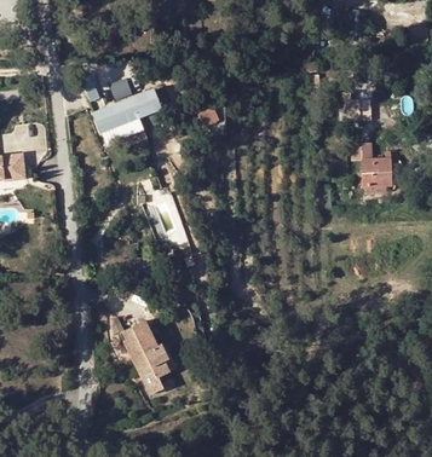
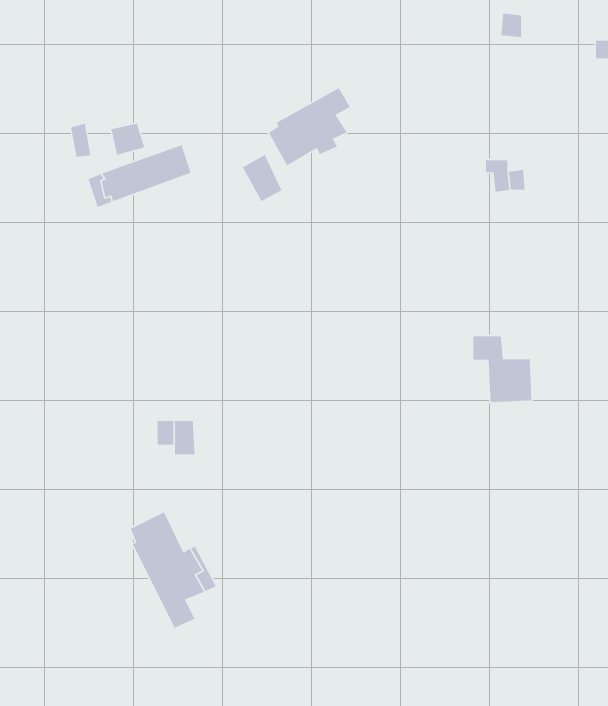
building: none -> [268,87,351,166]
building: [352,145,390,187] -> [472,335,532,403]

